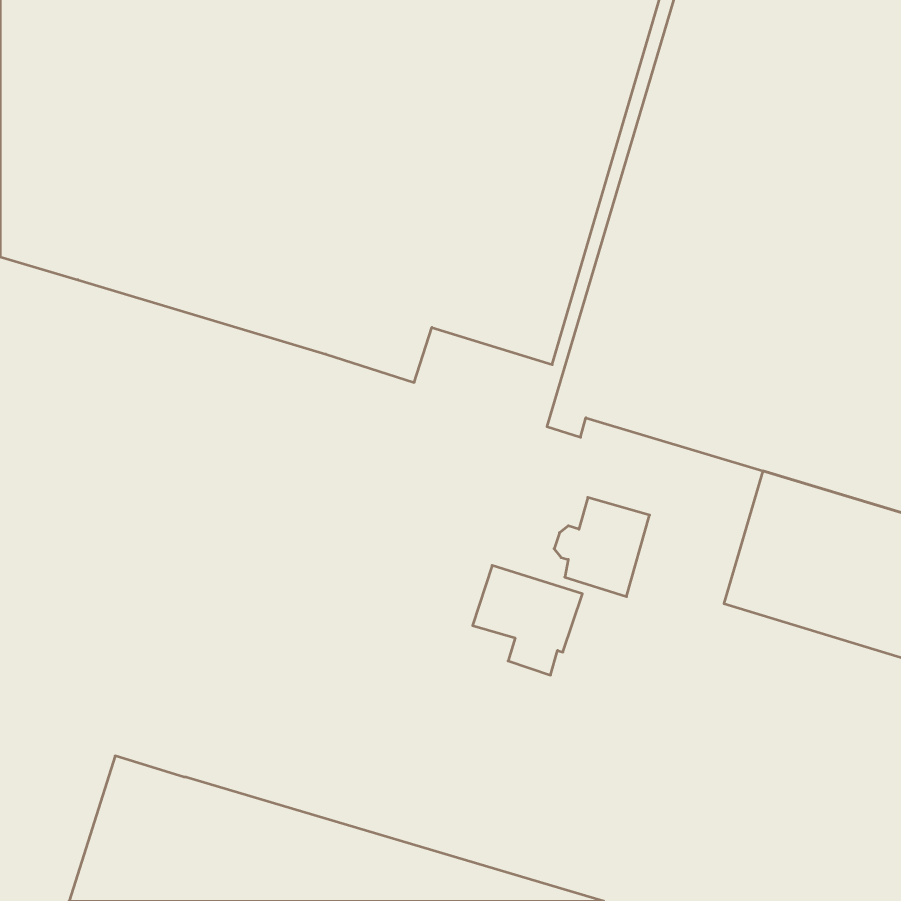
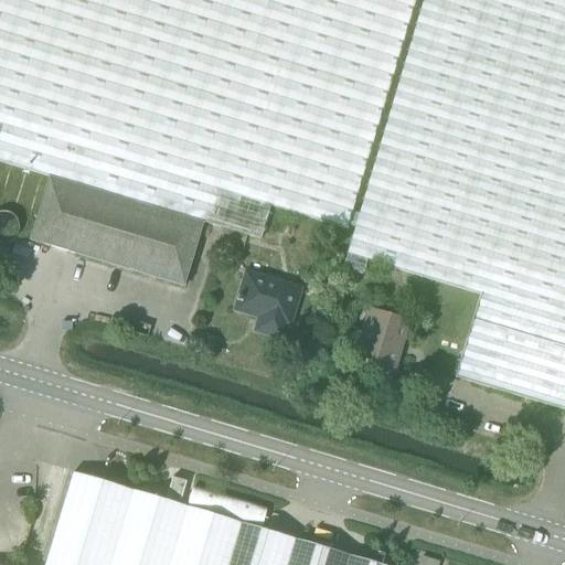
building: none -> [31,174,205,285]
building: [473,565,582,675] -> [232,269,300,338]

